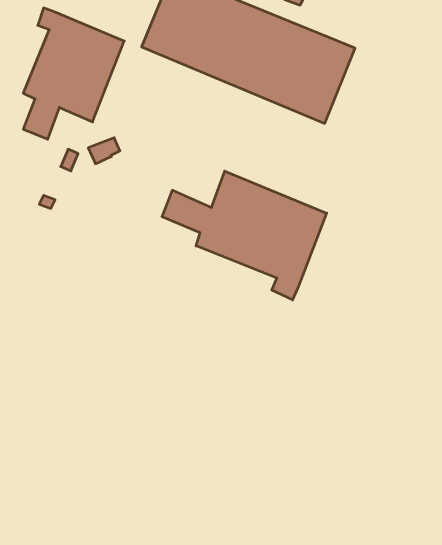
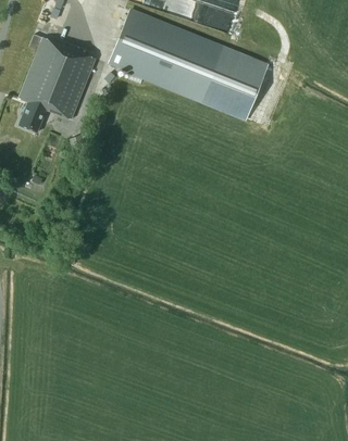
building: [162,171,327,300] -> none

